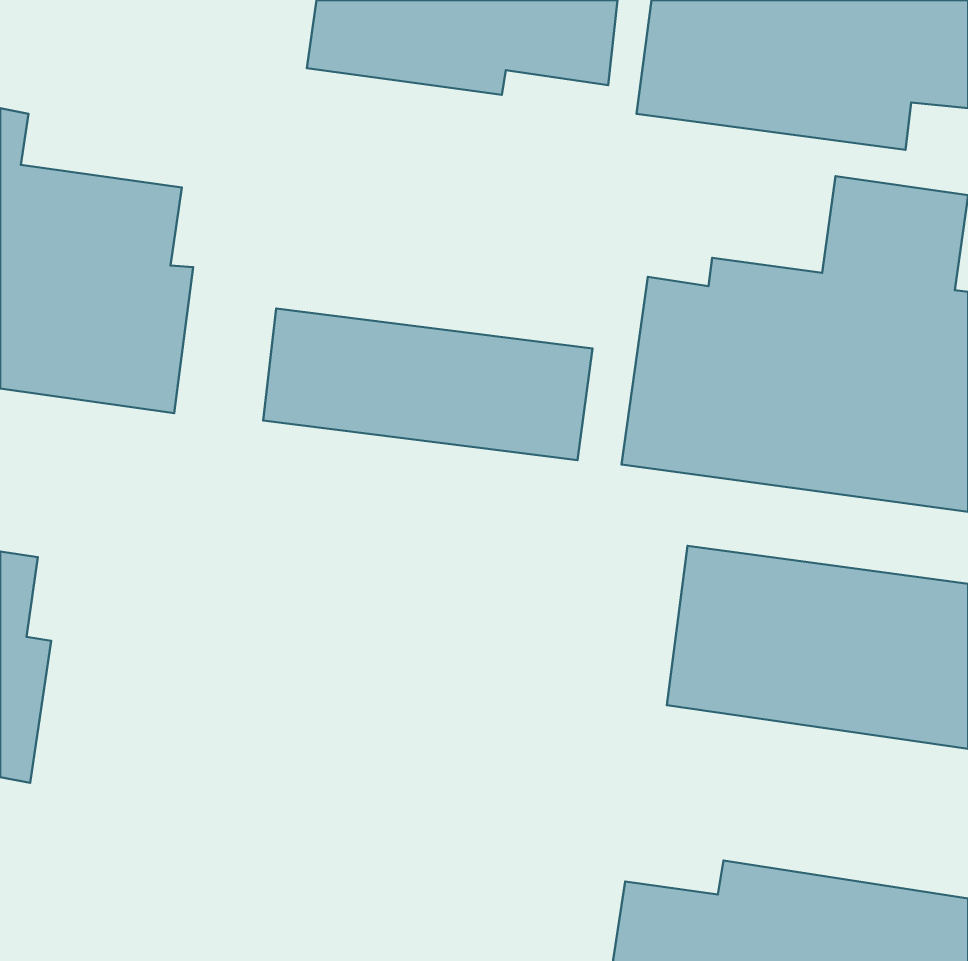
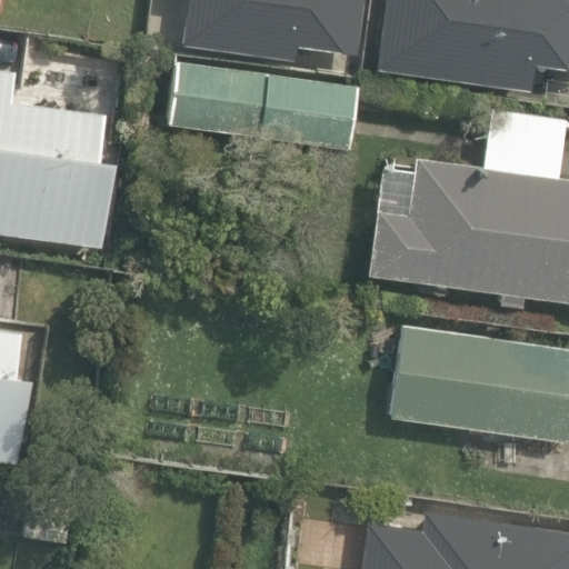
building: [263,309,593,460] -> [167,62,360,151]

